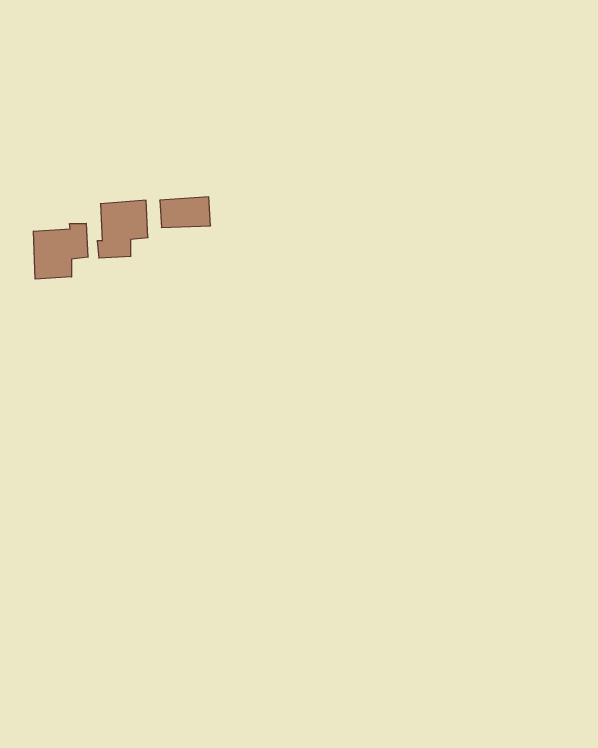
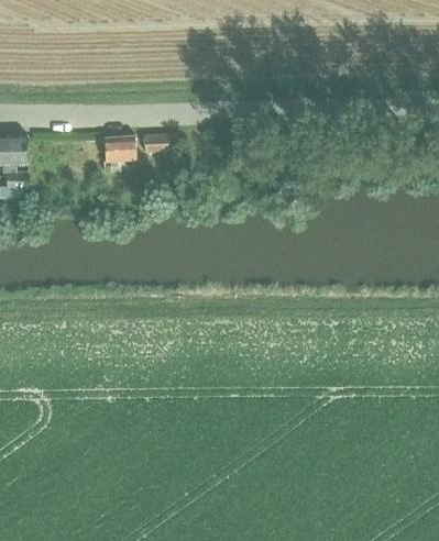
building: [34,223,88,279] -> none

